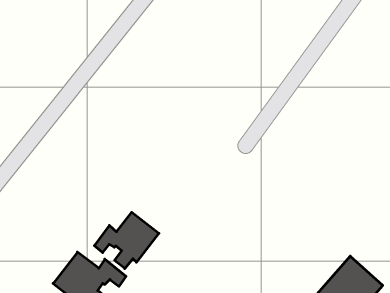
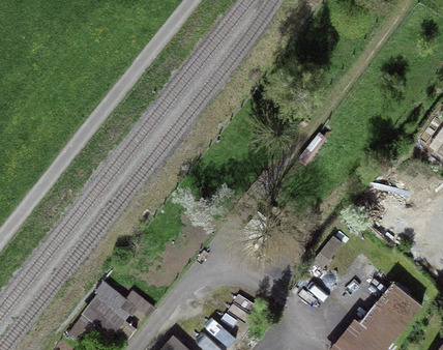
building: [94,212,159,269] -> none

